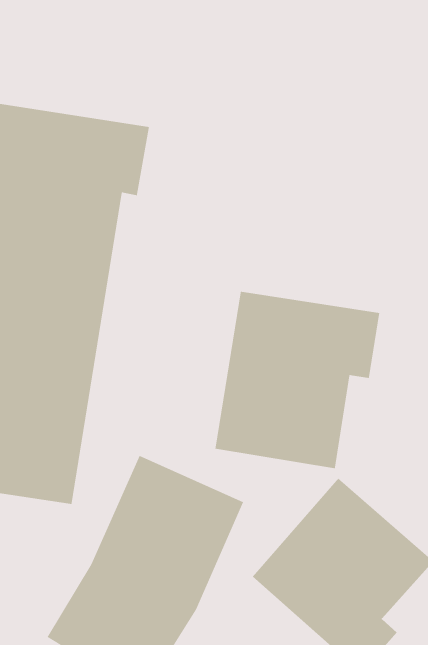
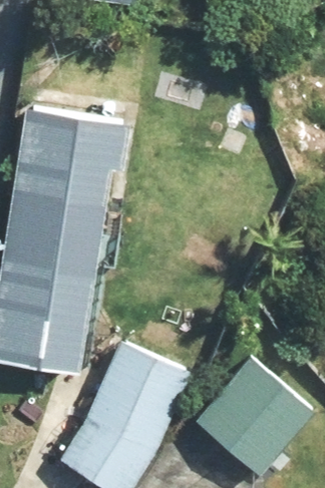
building: [214,291,380,469] -> none

